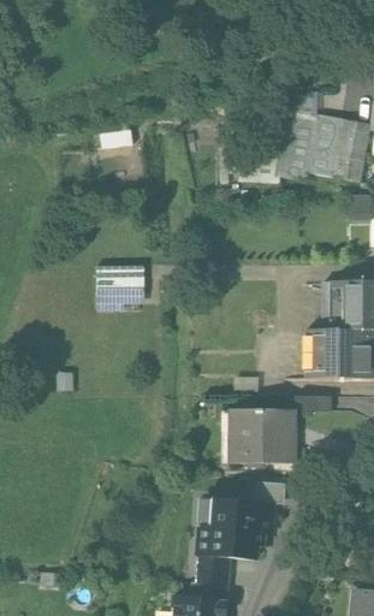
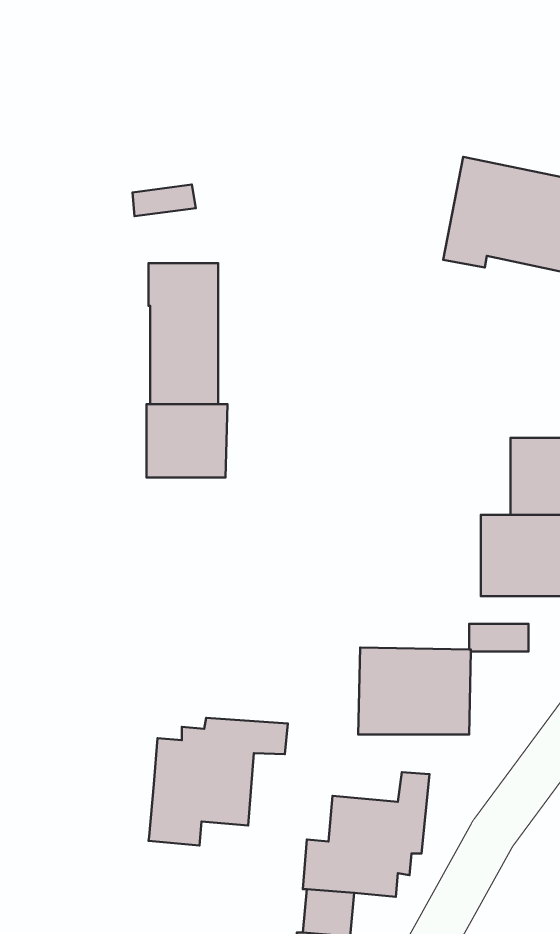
building: none -> [148,263,218,404]
building: none -> [149,718,288,846]

